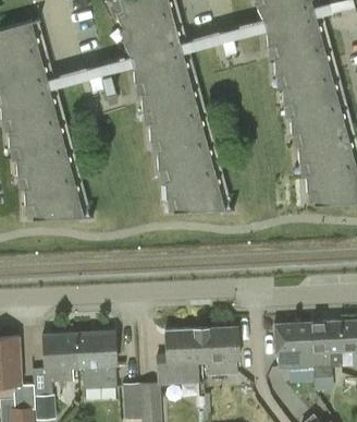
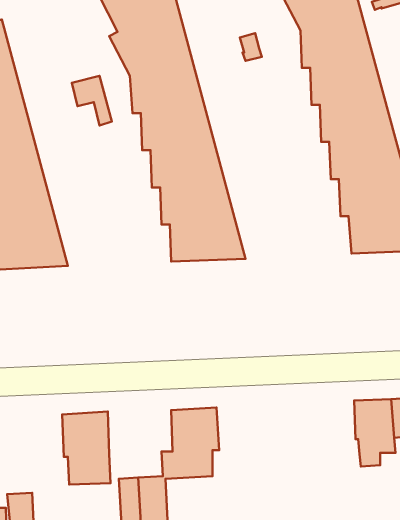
building: [274,322,315,366] -> none
building: [201,326,239,374] -> none
building: [42,333,81,382] -> none

